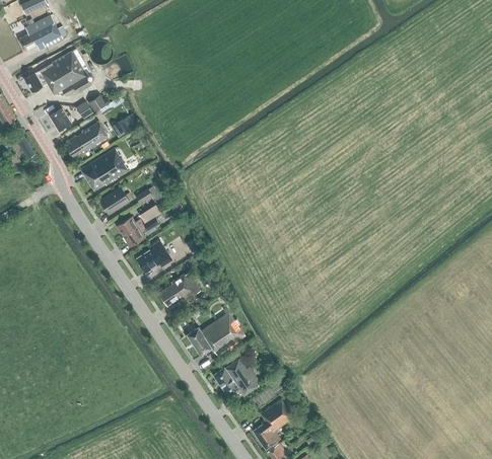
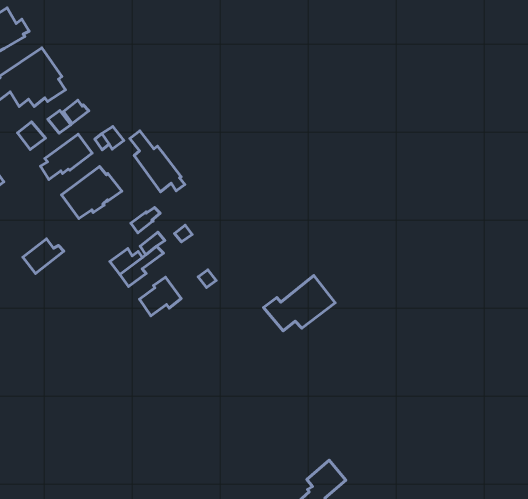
building: none -> [130,131,185,192]
building: [99,186,133,214] -> [23,239,64,274]
building: [159,273,200,305] -> none
building: [186,312,243,355] -> [264,276,335,331]
building: [213,359,259,395] -> none

